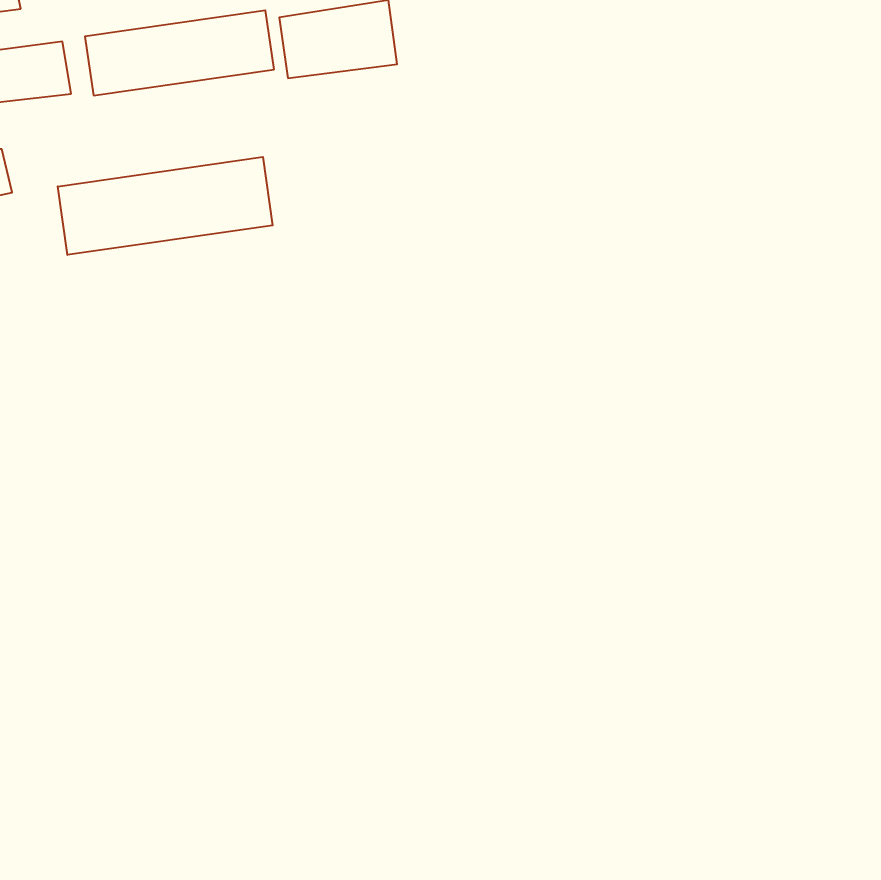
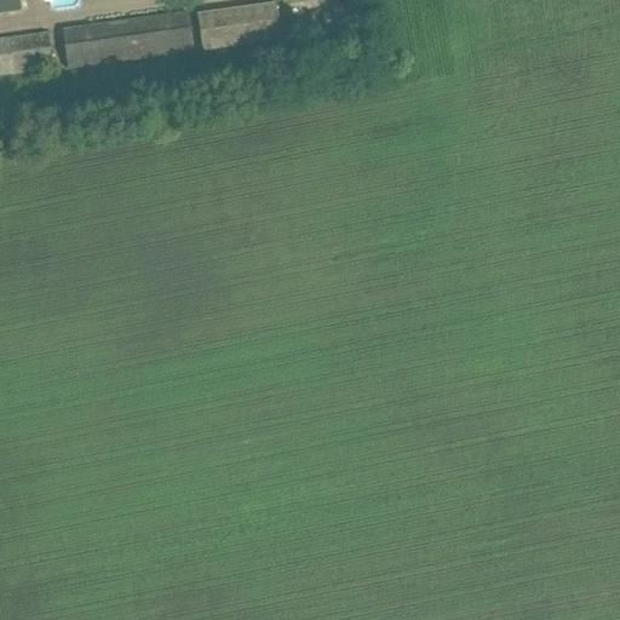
building: [58,157,273,255] -> none

